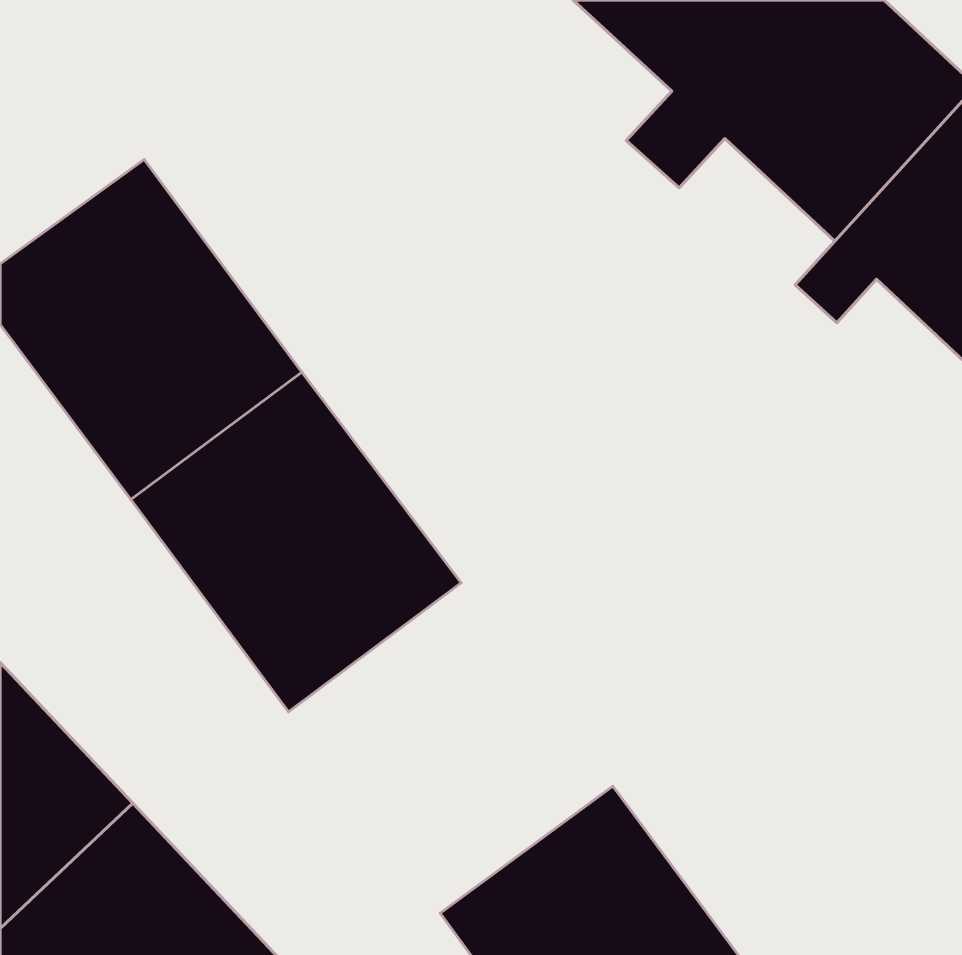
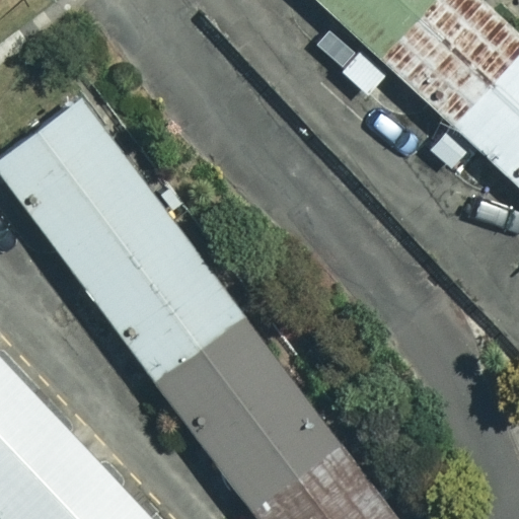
building: none -> [158,319,331,496]

